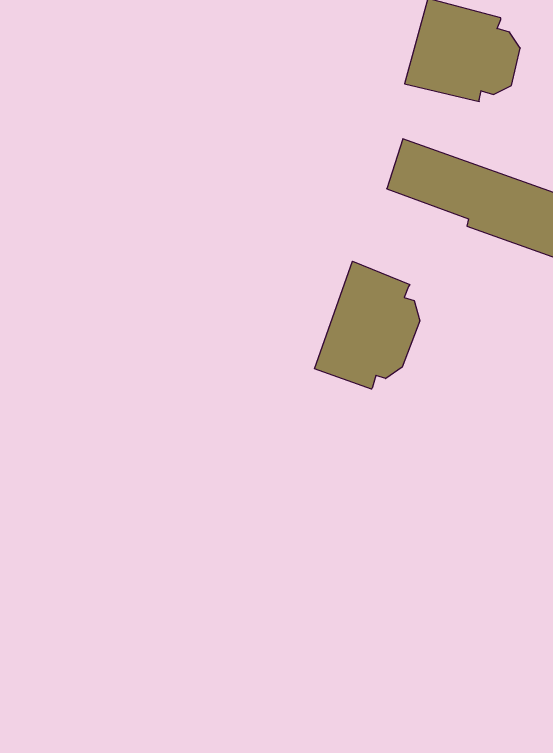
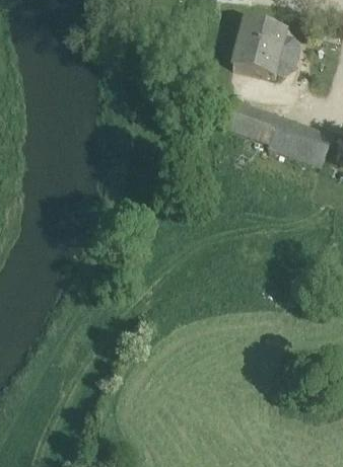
building: [314,261,420,389] -> none

